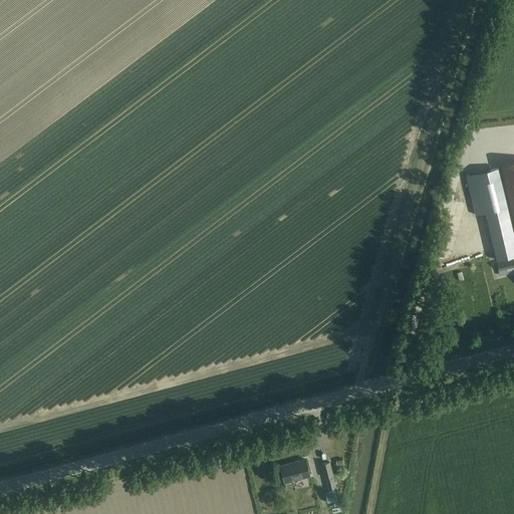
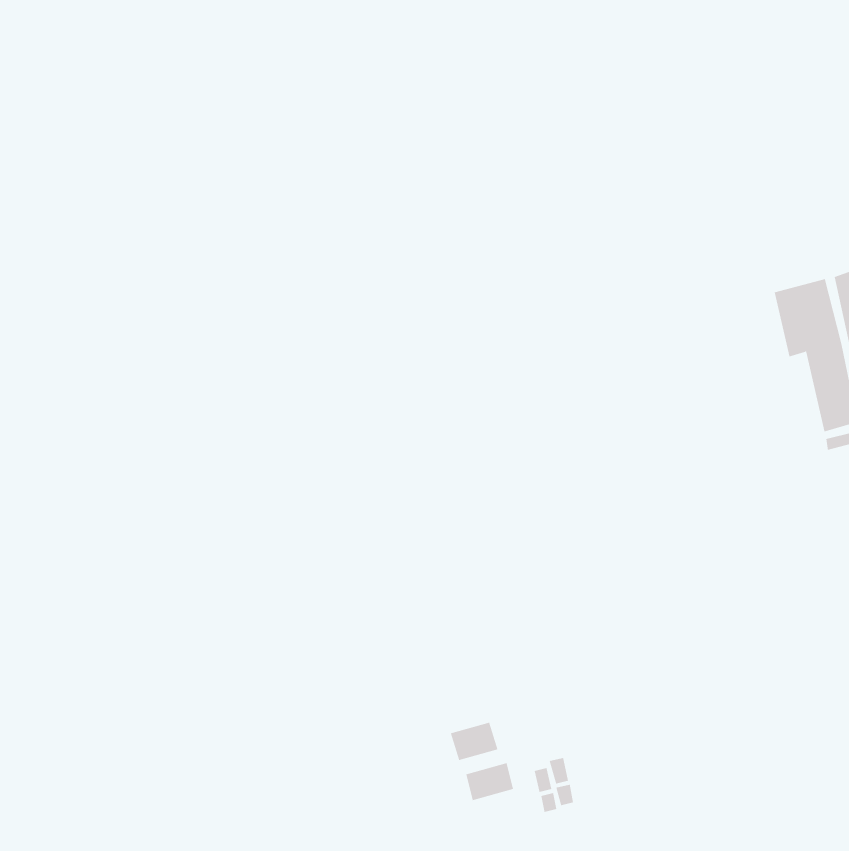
building: none -> [450,722,498,761]

